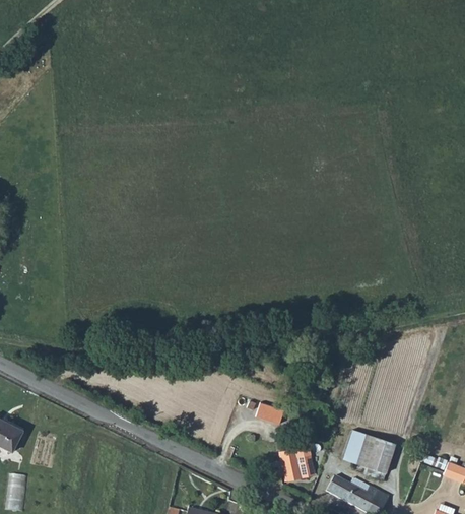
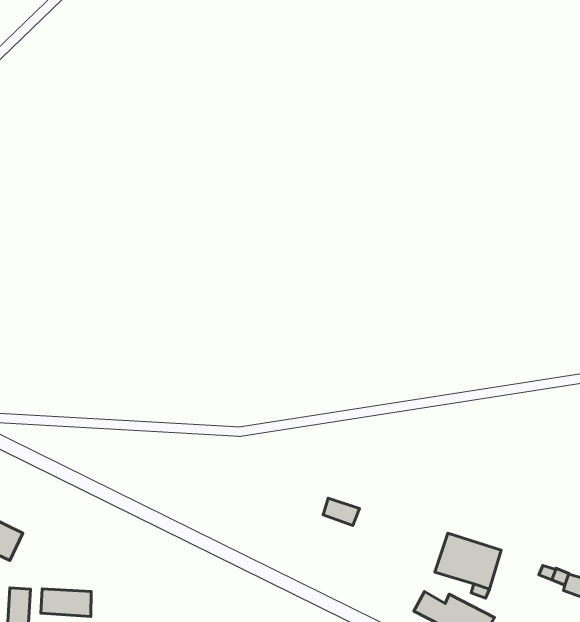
building: [277,446,314,480] -> none
building: none -> [41,589,91,616]

